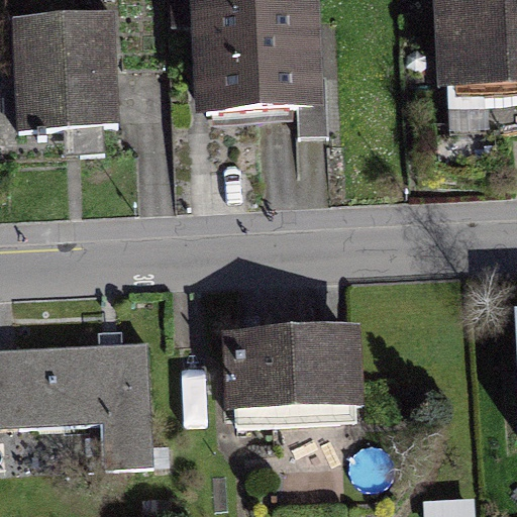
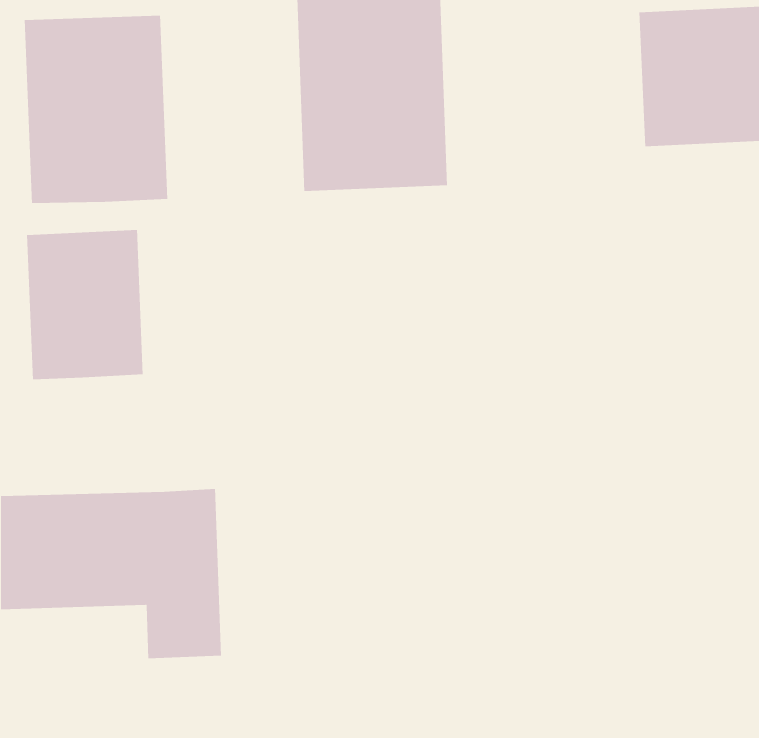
building: none -> [26,229,144,380]
building: [229,327,355,424] -> none

